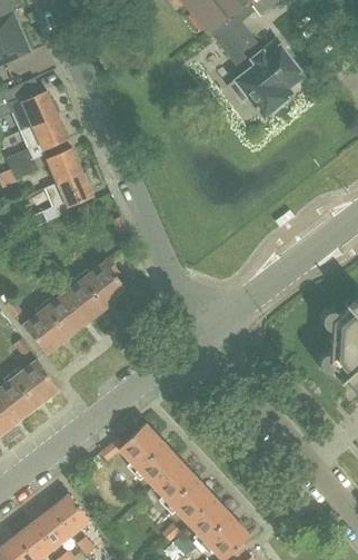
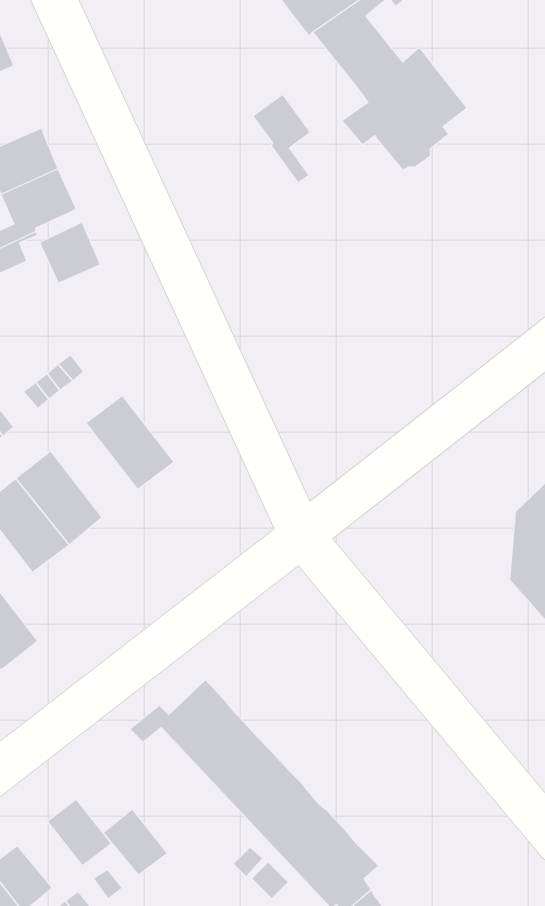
building: none -> [253,94,310,183]
building: [32,171,93,225] -> none
building: [52,267,105,324] -> none
building: [32,508,71,548] -> [103,809,168,875]

